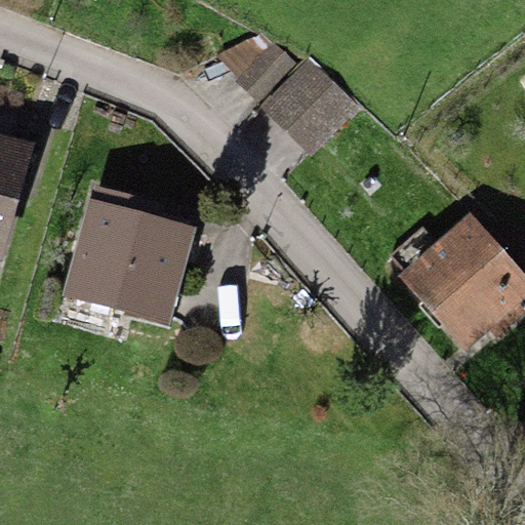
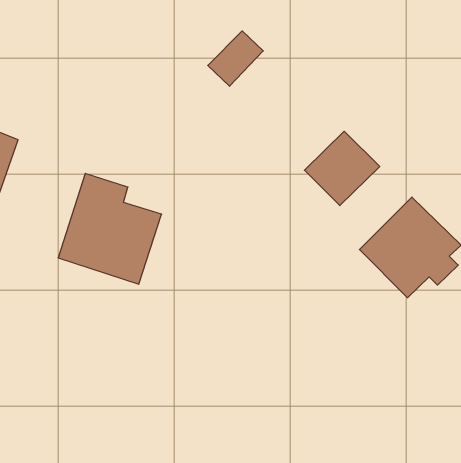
building: [271,62,356,146] -> [304,131,380,206]

